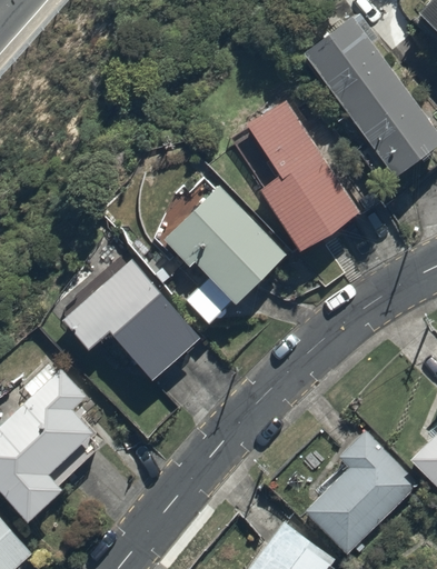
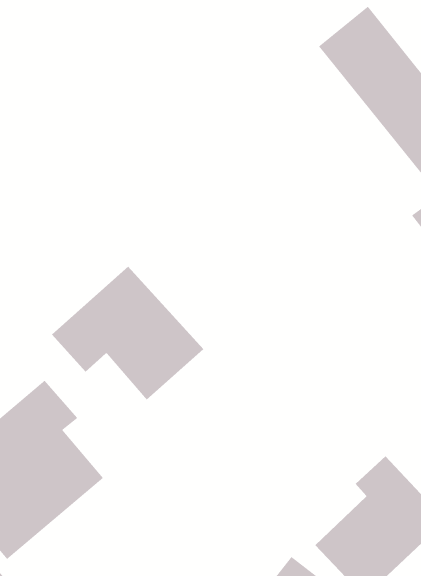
building: [249,99,359,247] -> none
building: [165,188,284,328] -> none

